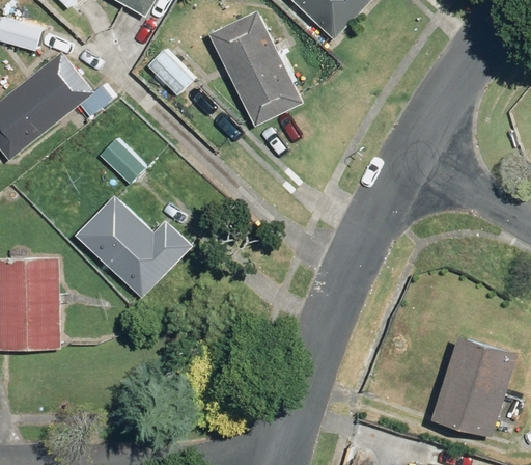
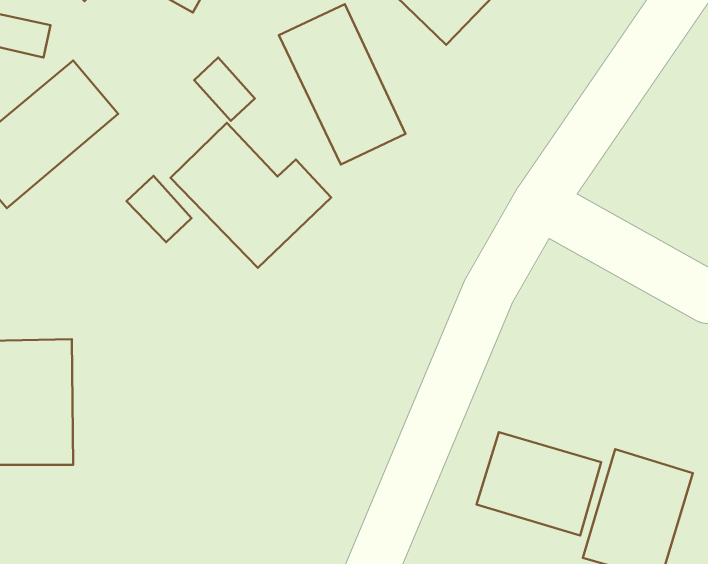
building: [74,193,192,300] -> [171,123,331,268]
building: none -> [477,432,601,535]

